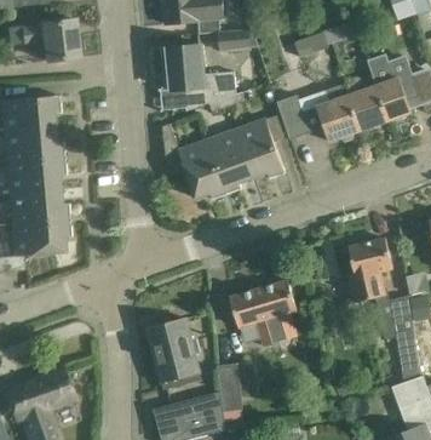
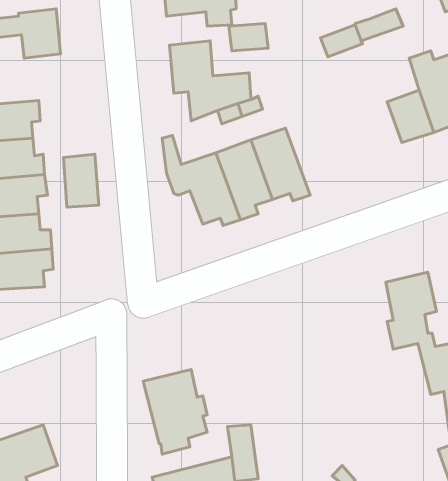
building: [315,84,362,142] -> none
building: [277,95,311,139] -> none
building: none -> [63,154,99,207]
building: [230,280,297,347] -> none

